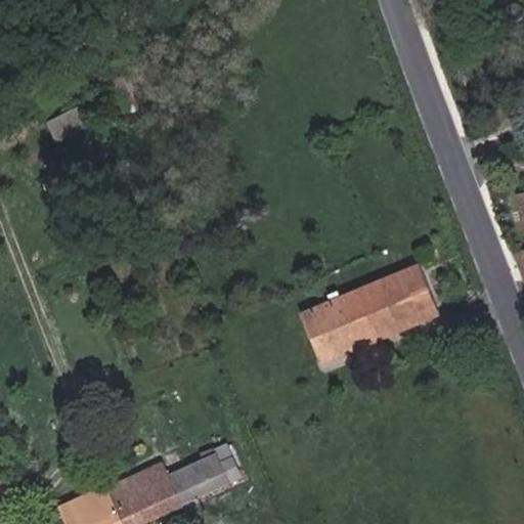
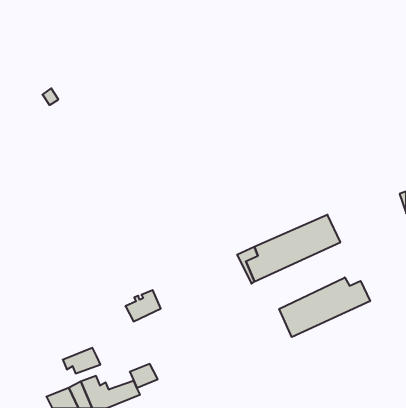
building: none -> [279,277,370,337]
building: [191,444,236,484] -> [125,290,161,321]
building: [123,465,171,497] -> [63,348,100,373]

